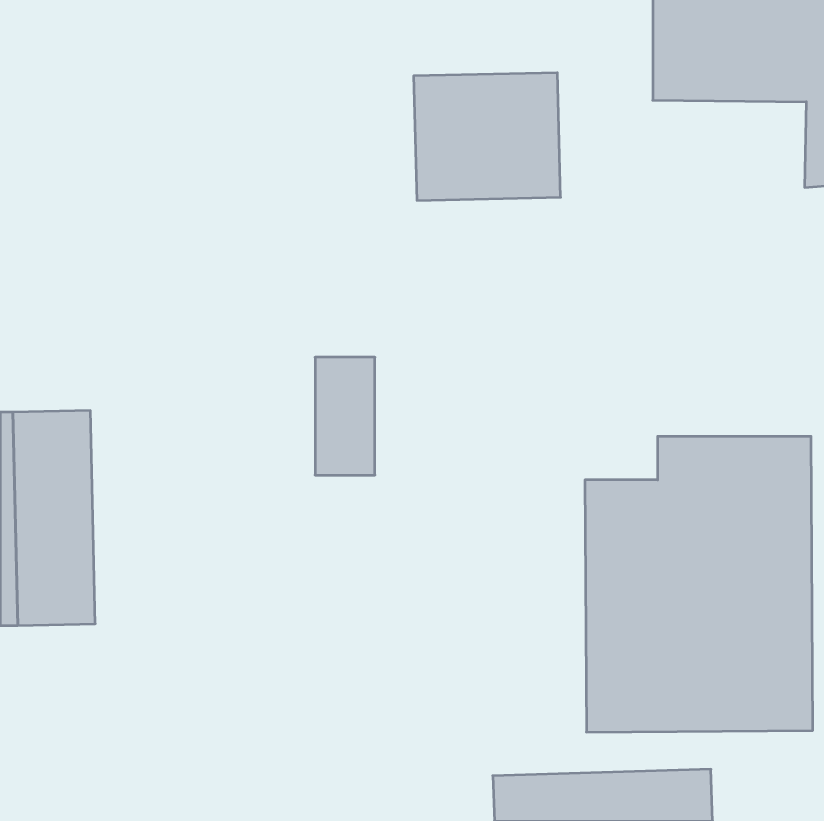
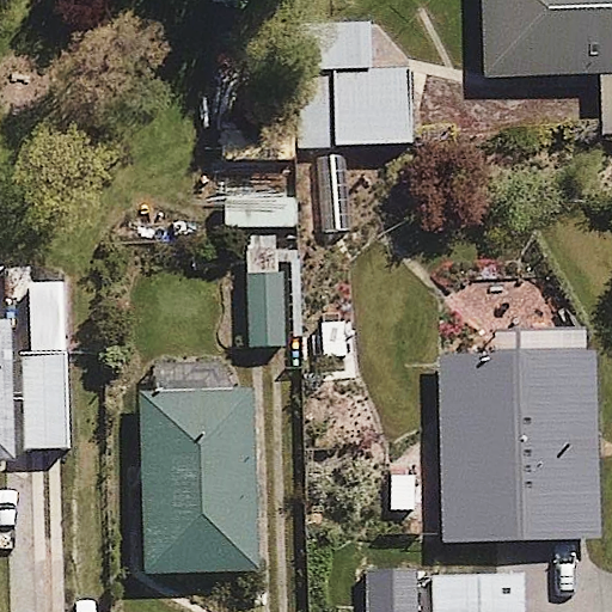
building: none -> [142,385,255,577]

